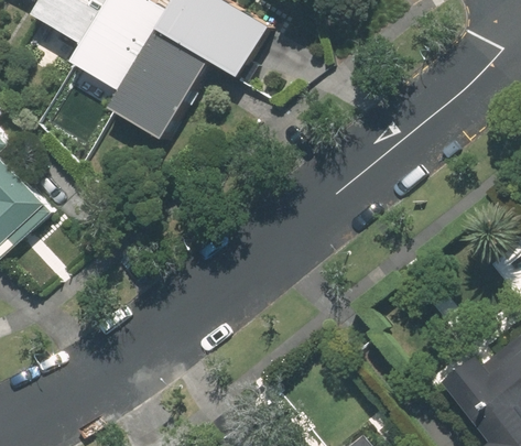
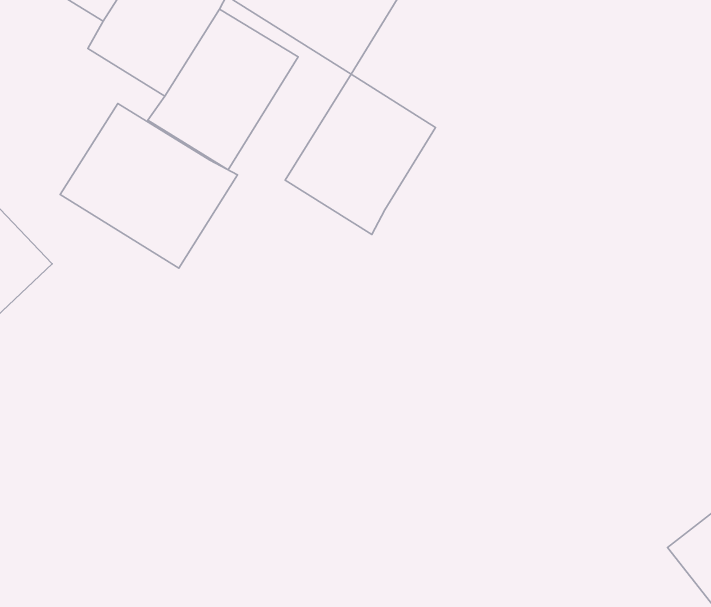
building: none -> [285,74,436,235]
building: none -> [60,104,237,268]

